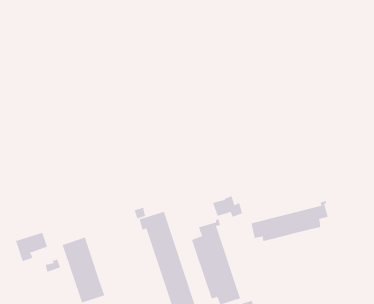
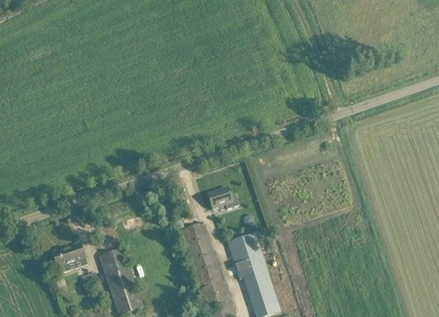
building: [212,196,243,217] -> [207,186,239,208]
building: [251,200,328,242] -> none

